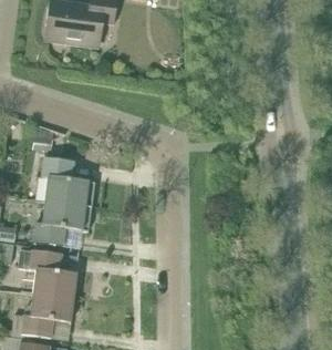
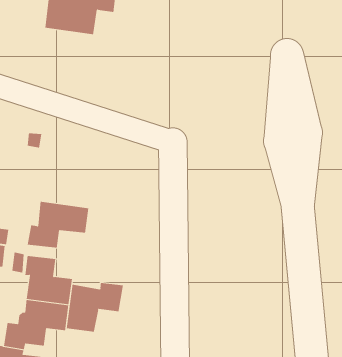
building: [42,157,95,206] -> none
building: none -> [66,282,123,333]

